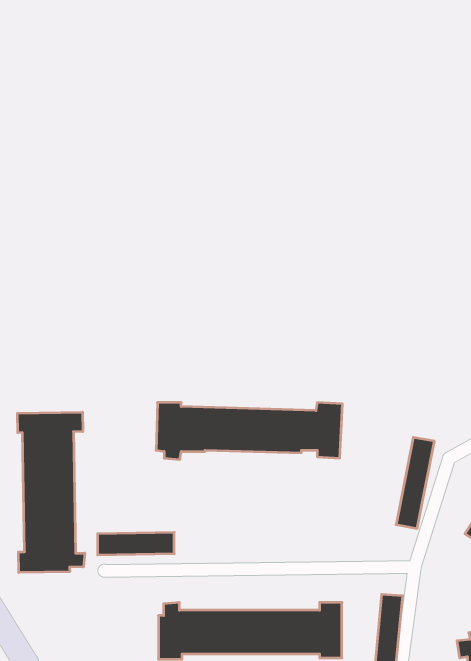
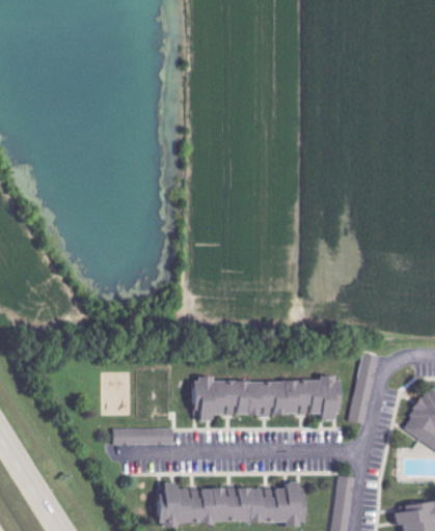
building: [156,403,342,459] -> [194,376,341,421]
building: [17,412,85,573] -> none

